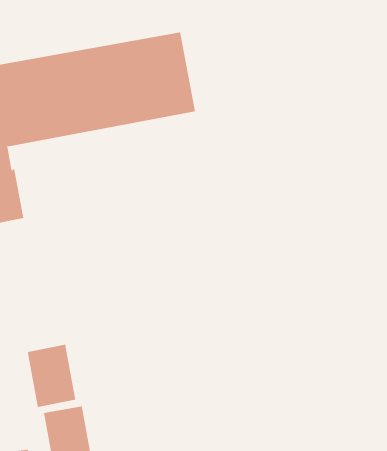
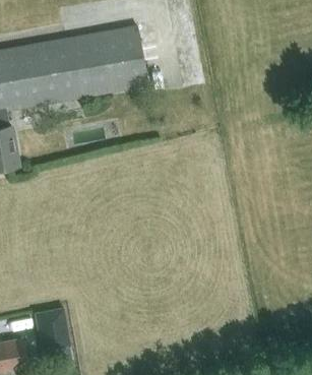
building: [27,344,76,408] -> none

